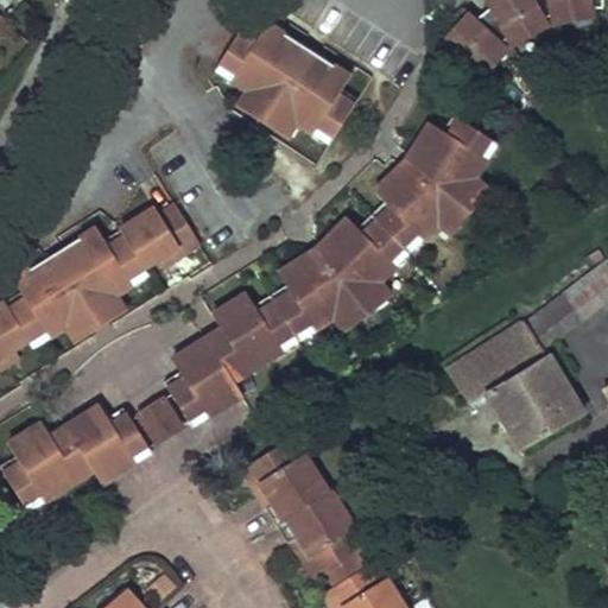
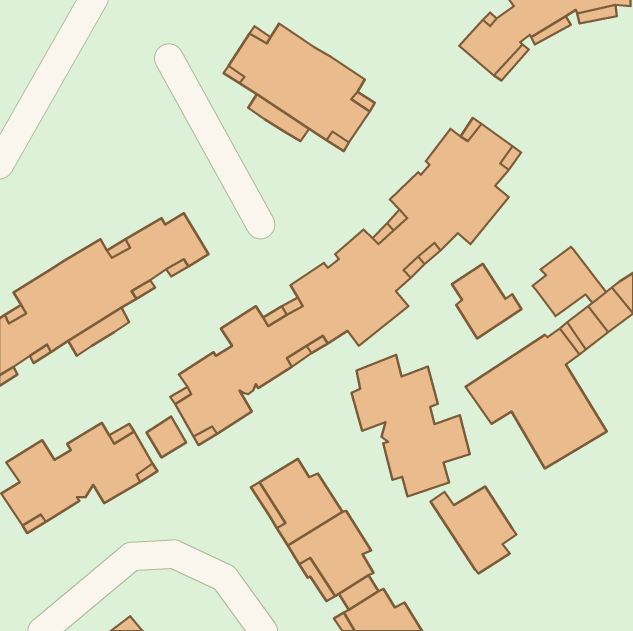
building: none -> [532,247,606,316]
building: none -> [452,264,522,338]
building: none -> [351,355,470,497]
building: none -> [430,486,517,573]

